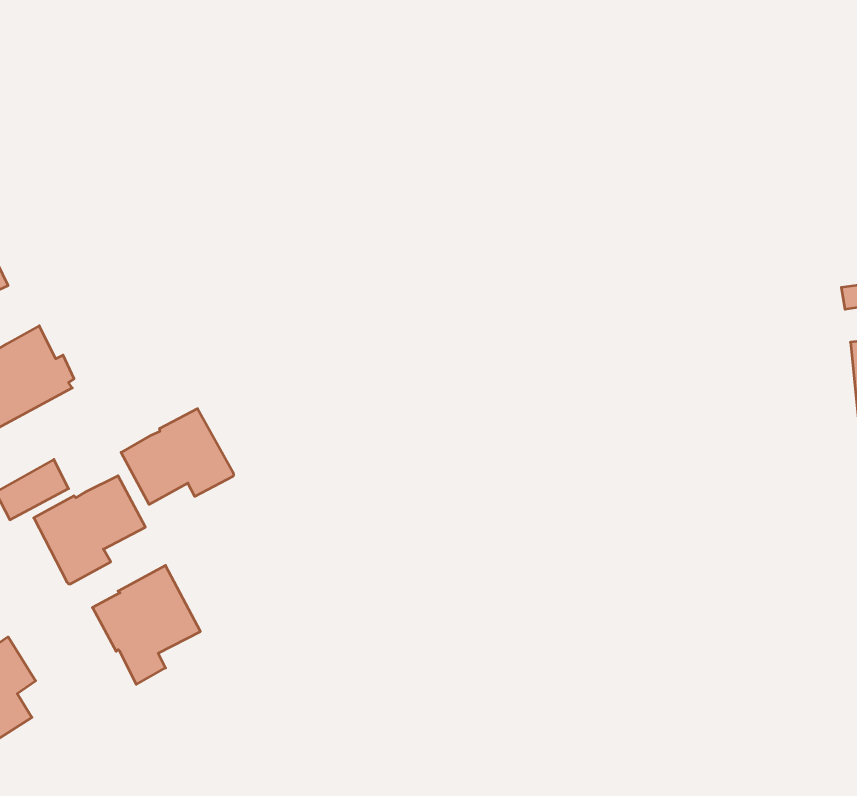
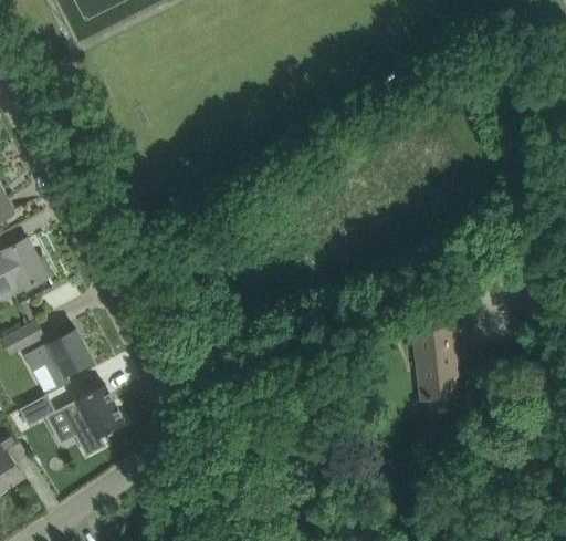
building: [121,409,234,504] -> none
building: none -> [416,327,458,399]
building: none -> [18,395,54,426]

